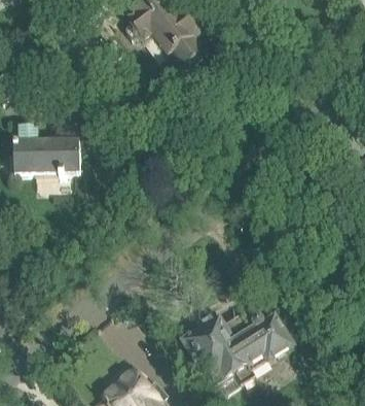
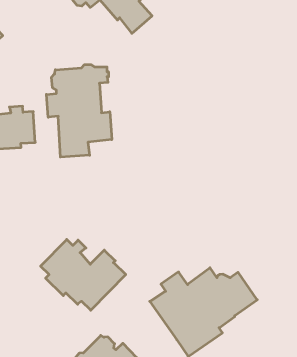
building: none -> [46,65,112,157]
building: none -> [41,239,126,310]

